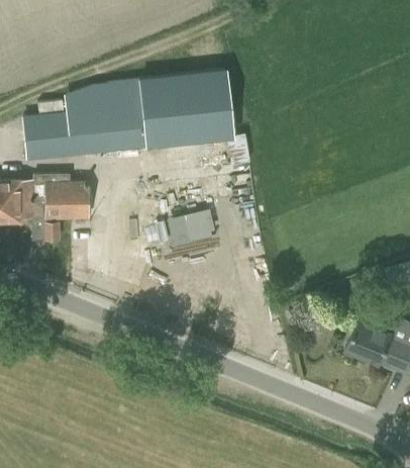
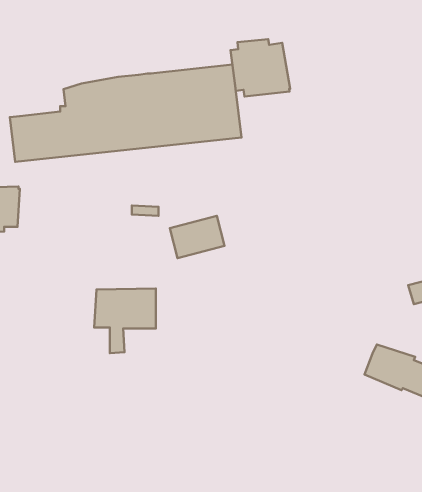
building: none -> [231,39,290,97]
building: [31,182,87,241] -> [94,288,156,353]

